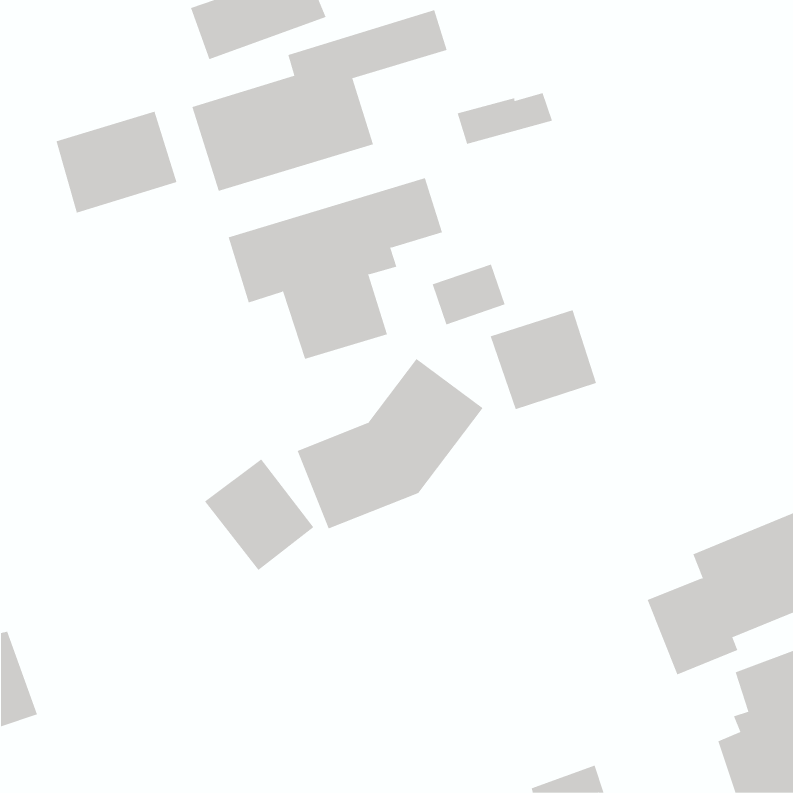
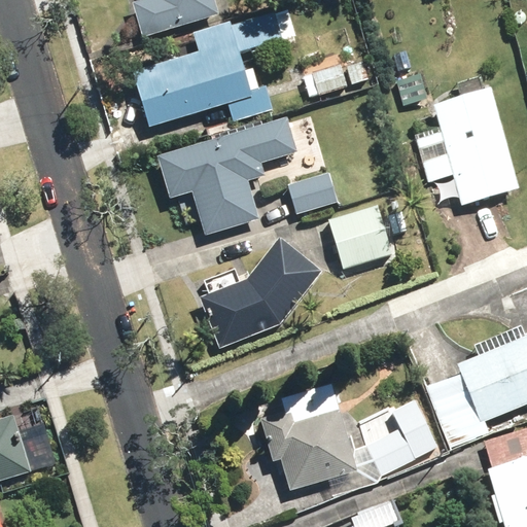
building: [56,111,177,213] -> none
building: none -> [419,89,516,203]
building: [204,459,314,571] -> none
building: none -> [258,381,441,495]

